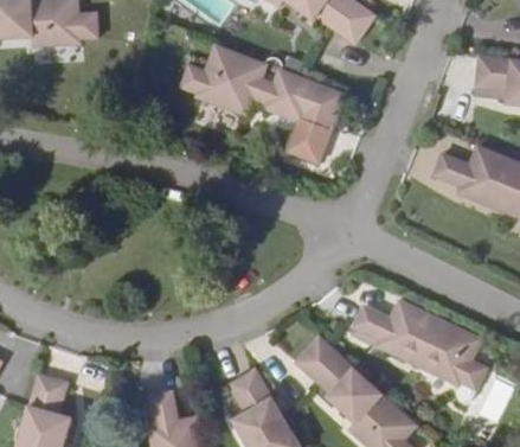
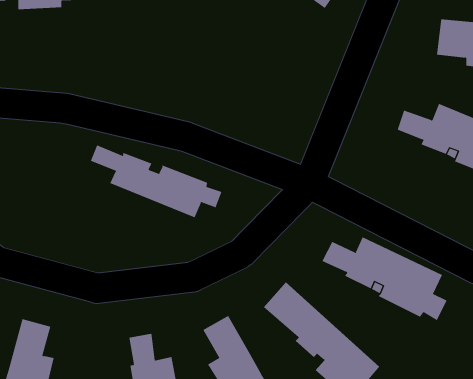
building: [185,44,348,166] -> none
building: none -> [90,144,222,218]

